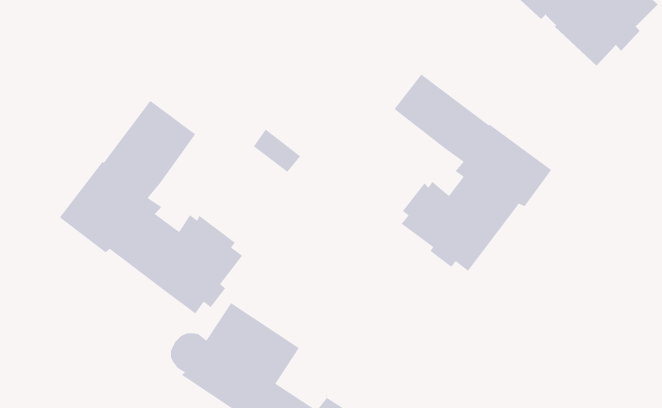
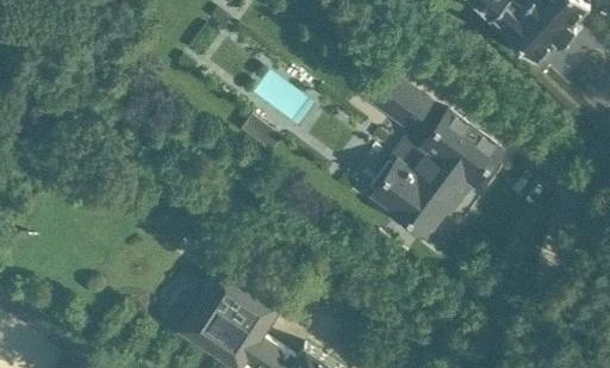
building: [59,100,243,315] -> none

